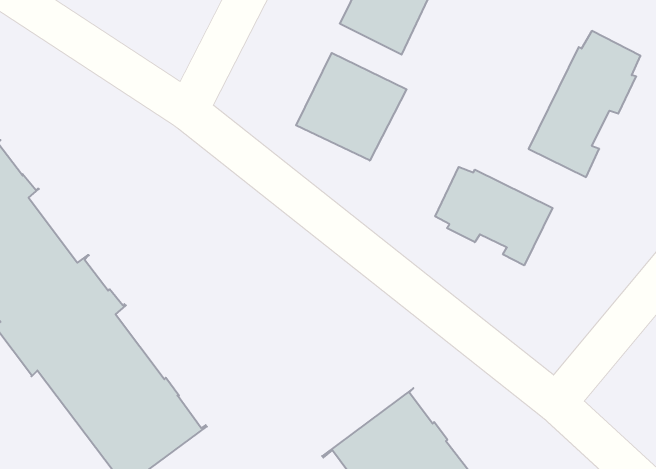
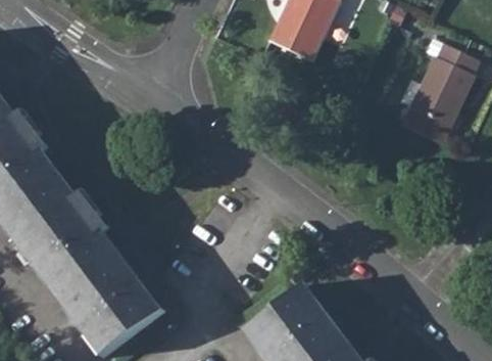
building: [296,53,407,161] -> none
building: [435,167,553,265] -> none

